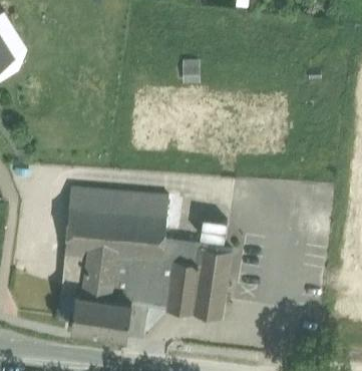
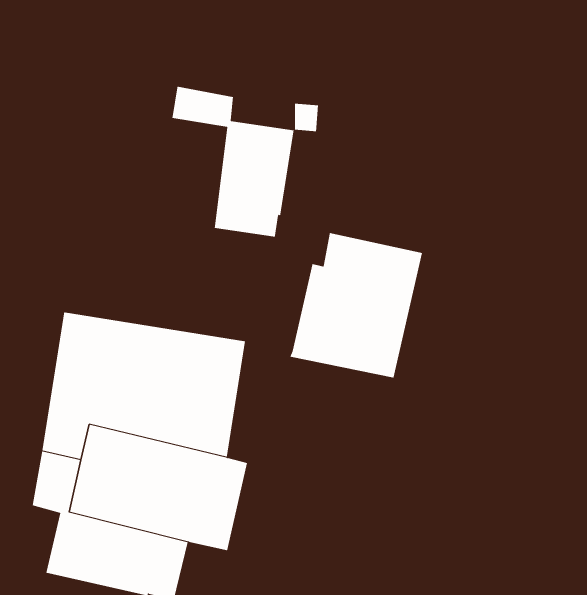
building: none -> [172,86,294,238]
building: [166,245,233,319] -> [289,232,423,378]

